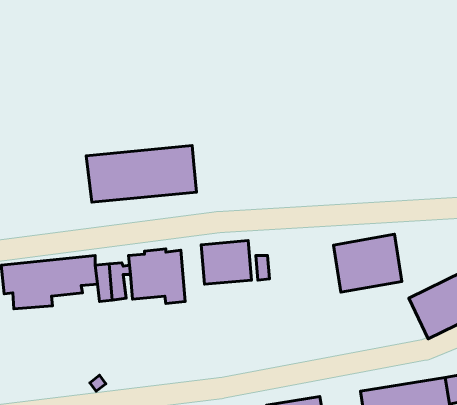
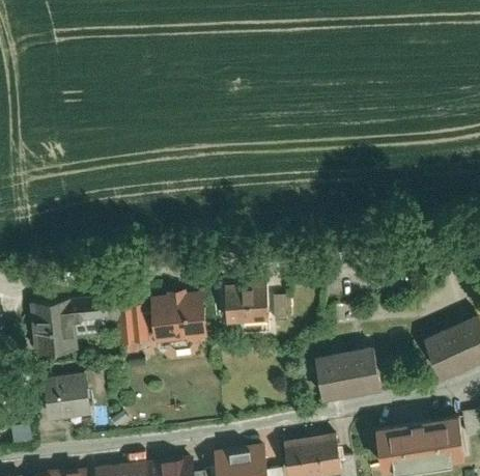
building: [86,146,197,202] -> none
building: [333,234,402,292] -> [314,339,380,395]
building: none -> [40,369,94,417]

